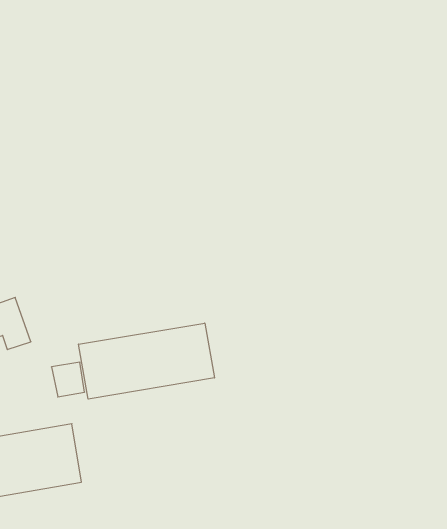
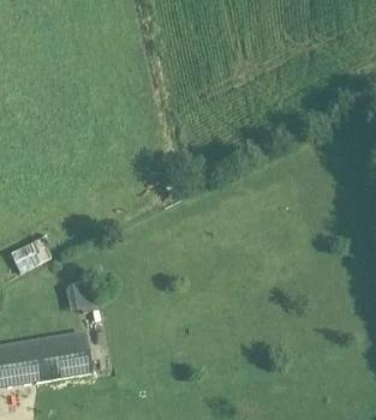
building: [79,323,214,399] -> none

